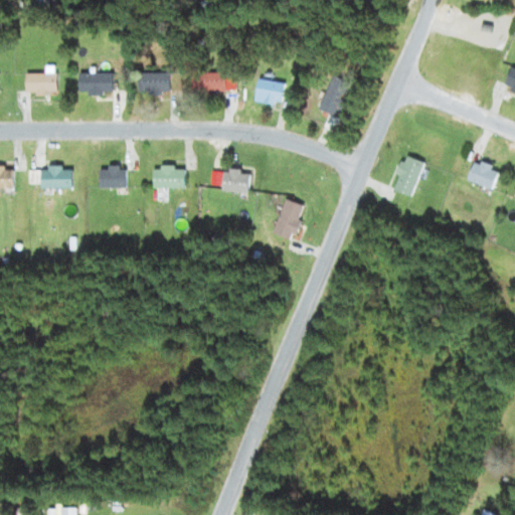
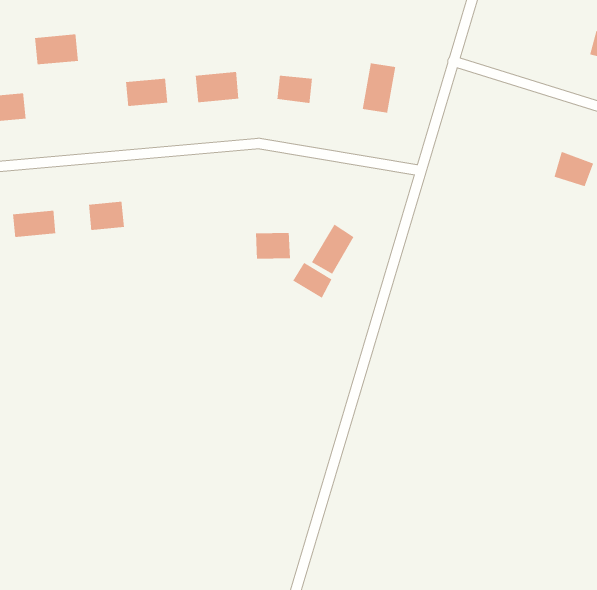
building: [78,73,112,96] -> [34,33,79,65]
building: [390,156,423,197] -> none
building: [153,167,184,188] -> none
building: [221,170,249,193] -> [255,232,291,260]
building: none -> [292,262,333,299]

